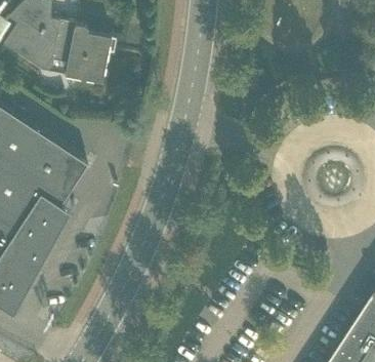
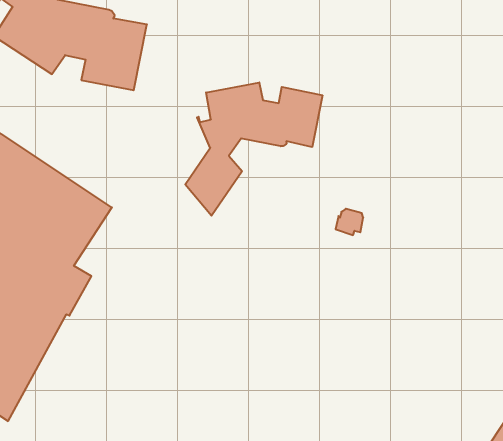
building: none -> [185,82,322,216]

